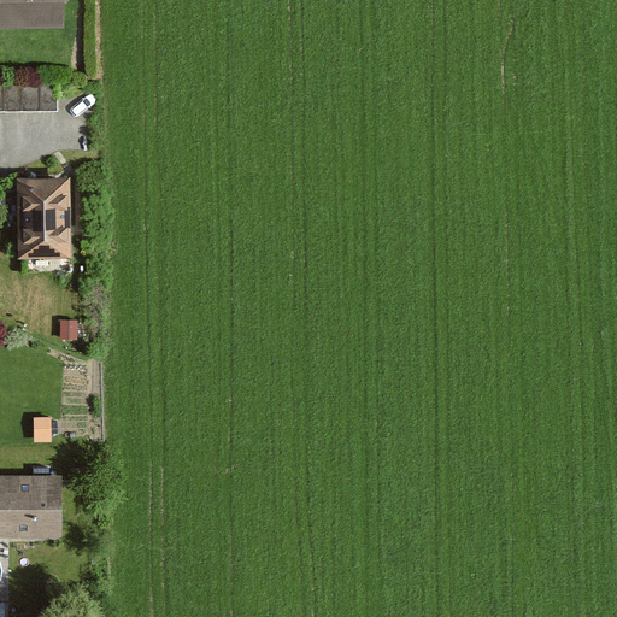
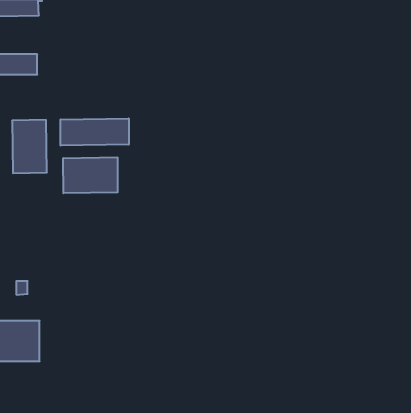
building: none -> [61,118,129,146]
building: none -> [63,157,118,193]

